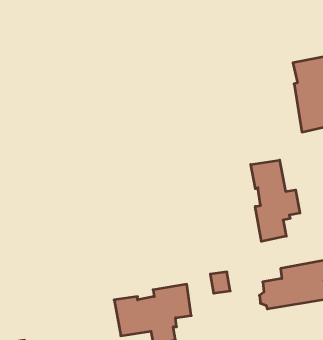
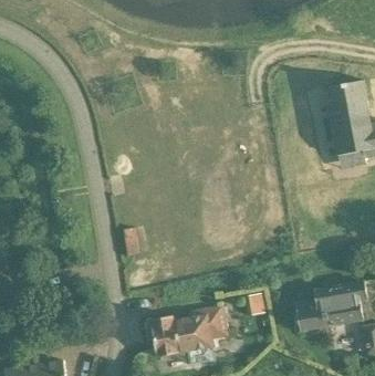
building: [251,160,300,241] -> none

